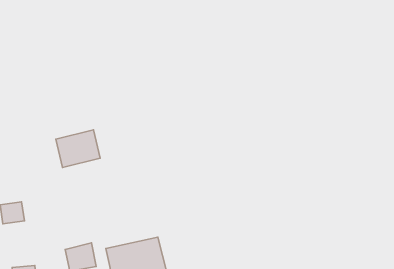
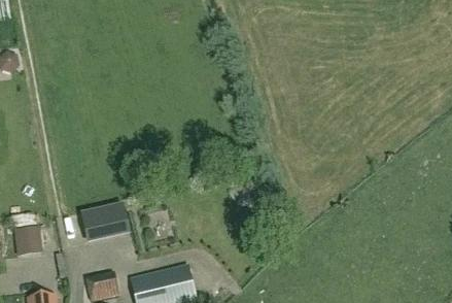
building: [56,130,100,168] -> [80,202,129,243]

